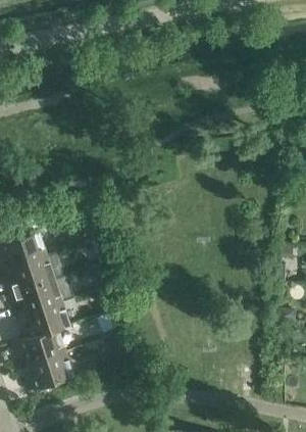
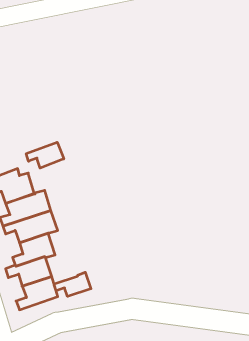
building: none -> [26,142,64,168]
building: none -> [54,272,91,296]

